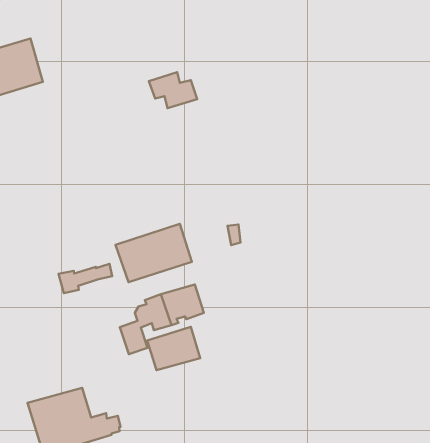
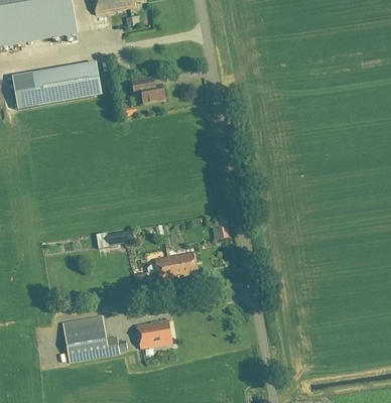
building: [149,72,197,108] -> [132,78,165,103]
building: [116,224,192,282] -> none
building: [147,327,200,370] -> [136,319,172,348]

